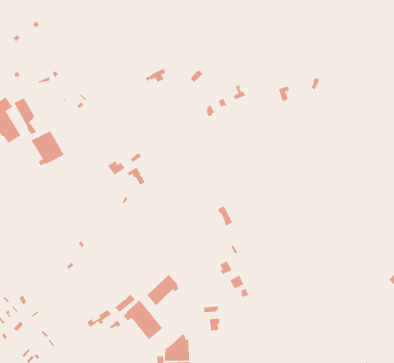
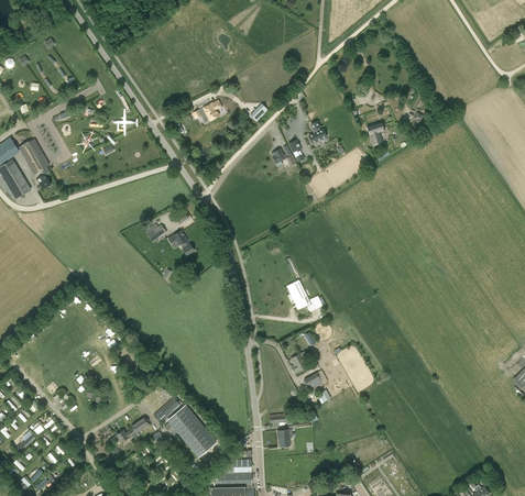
building: [31,130,65,167] -> none
building: [146,274,180,306] -> none

